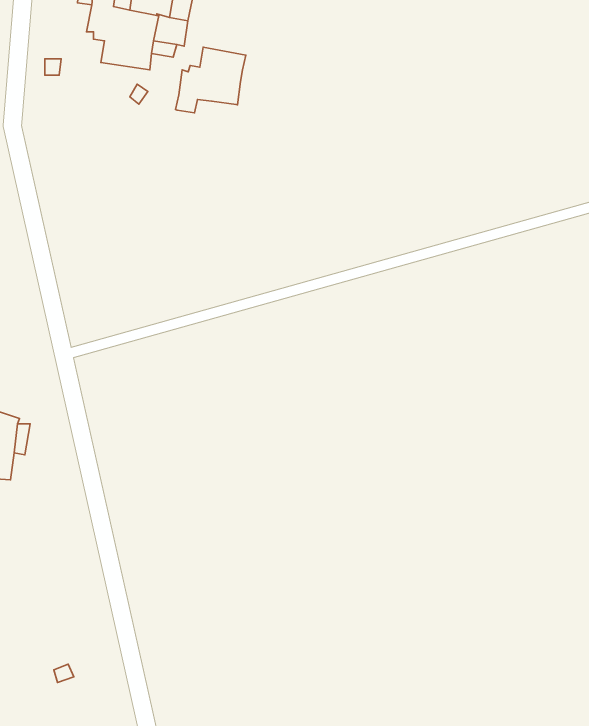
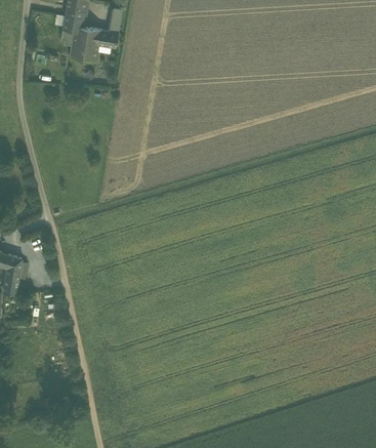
building: [176,47,246,113] -> none

